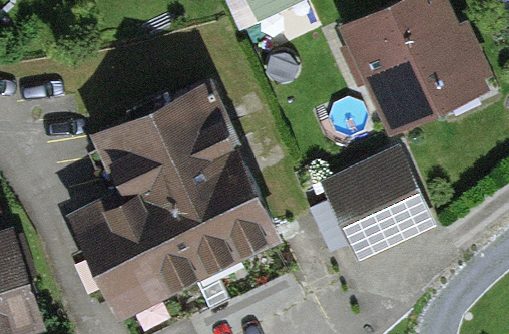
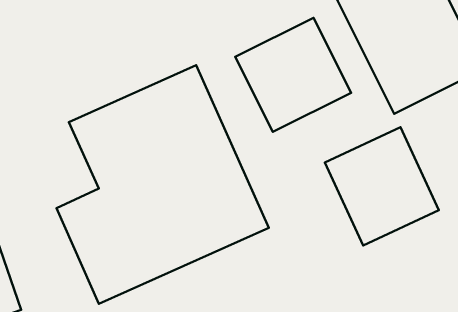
building: none -> [235,18,351,132]

